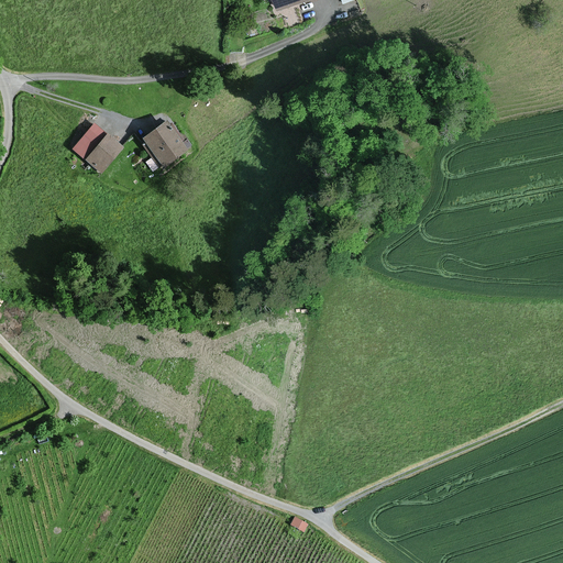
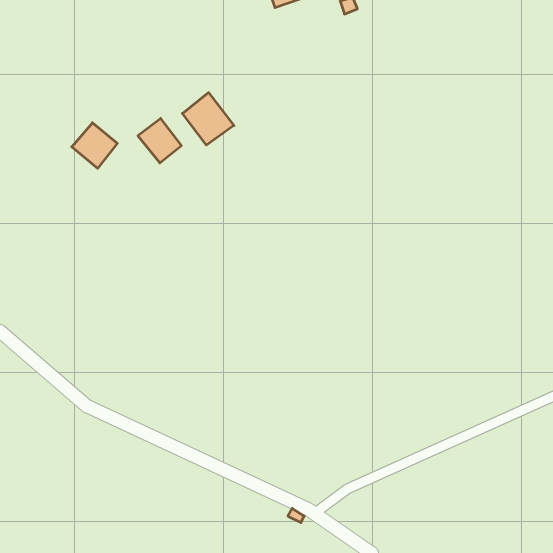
building: none -> [182,93,234,145]

